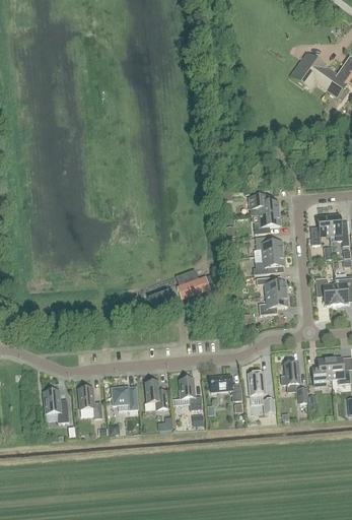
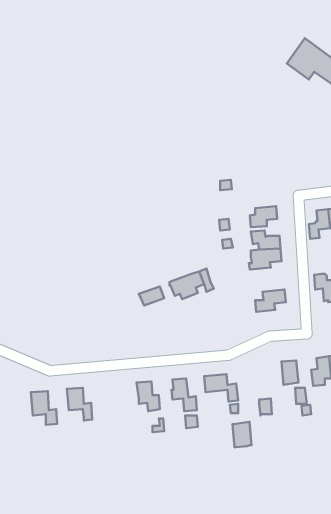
building: [249,195,279,215] -> none
building: [257,275,287,295] -> none
building: [248,371,266,395] -> [233,422,252,447]
building: [112,386,138,409] -> none

